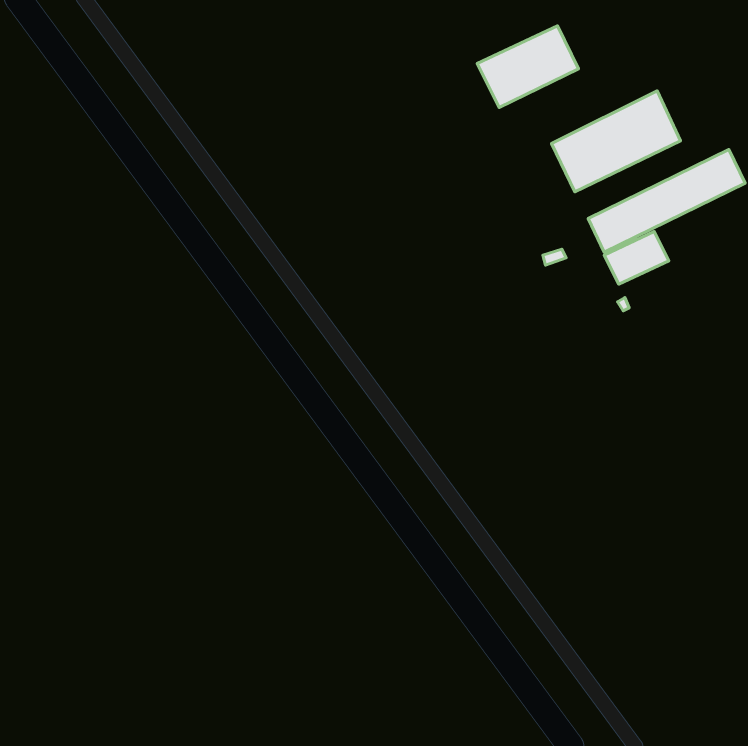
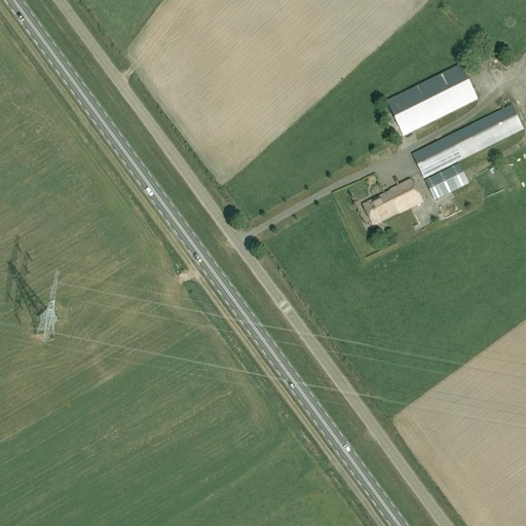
building: [477,26,579,107] -> none
building: none -> [362,178,421,224]

